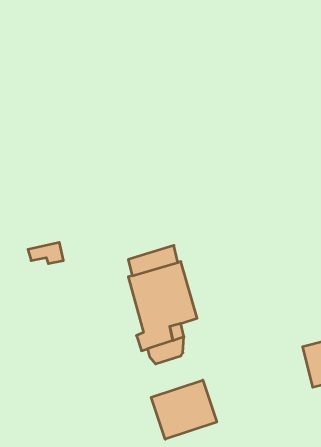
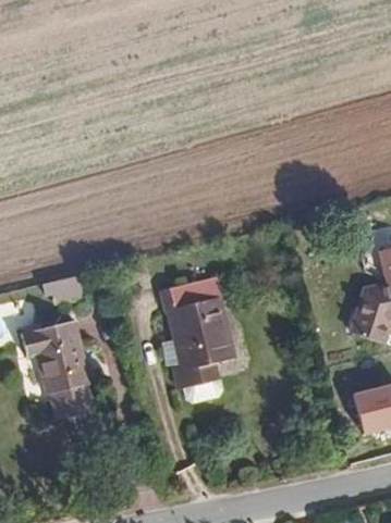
building: none -> [38,334,106,407]
building: [151,380,217,439] -> none

